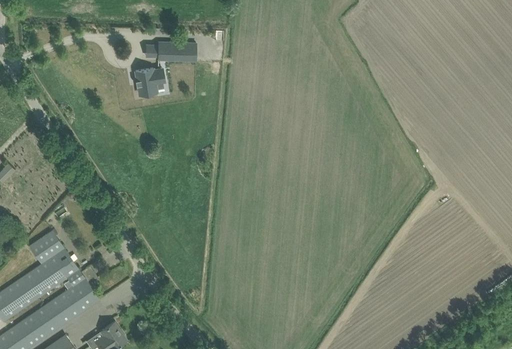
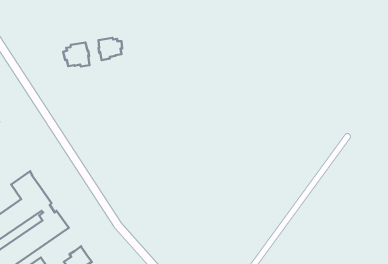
building: [158,42,195,59] -> none
building: none -> [63,42,90,66]

